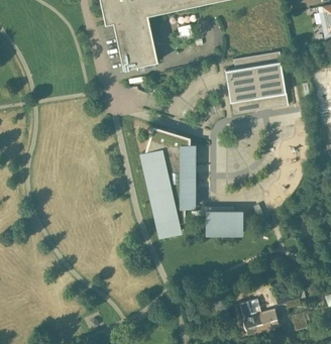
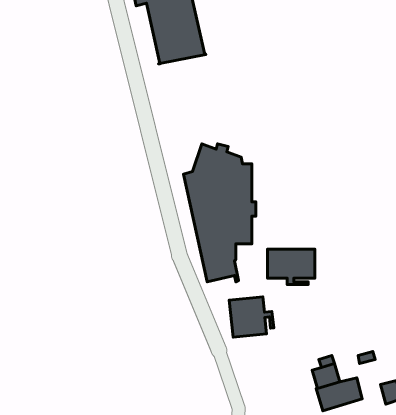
building: [225,51,288,114] -> none
building: none -> [229,297,274,337]

